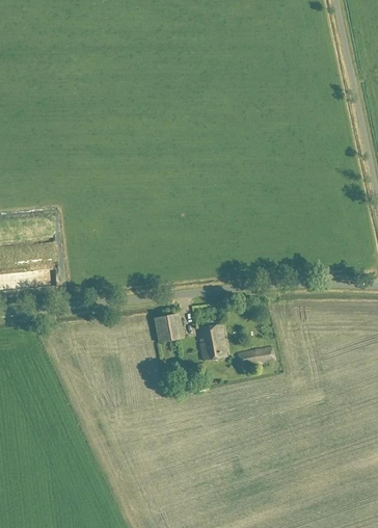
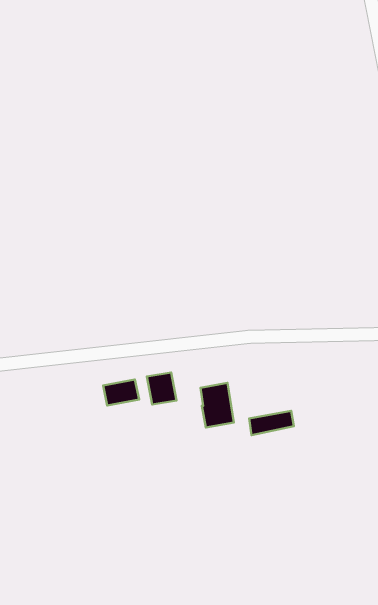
building: none -> [103,380,139,405]

